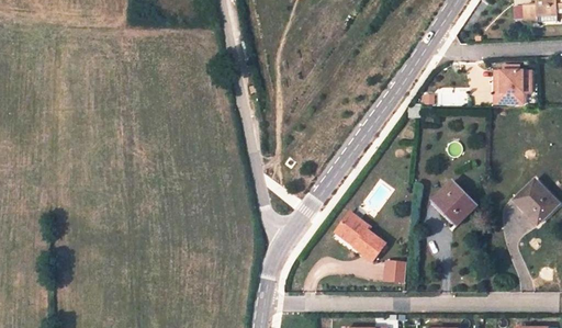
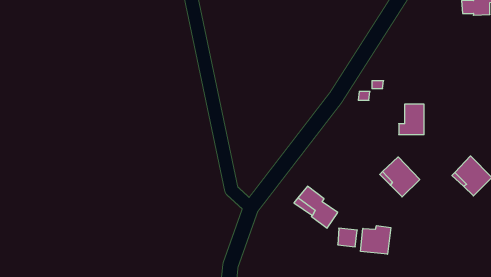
building: [494,69,522,103] -> [399,104,424,135]
building: none -> [361,226,391,254]

